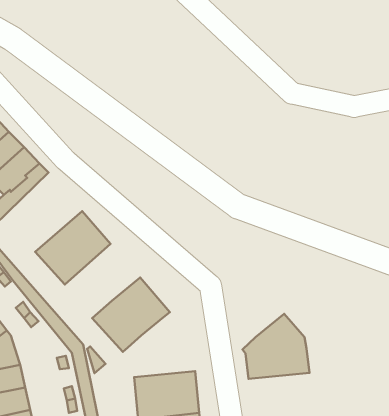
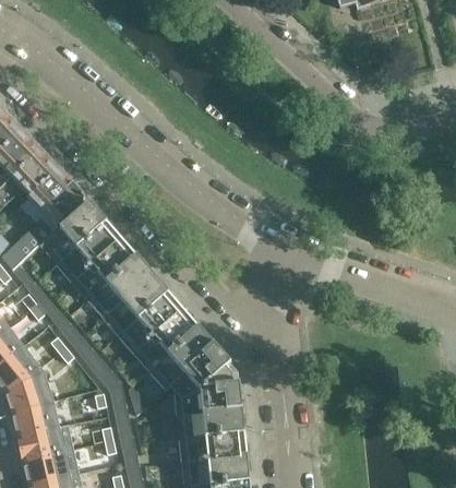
building: none -> [38,200,121,281]
building: none -> [103,272,183,352]
building: [242,314,310,379] -> [170,345,242,415]

